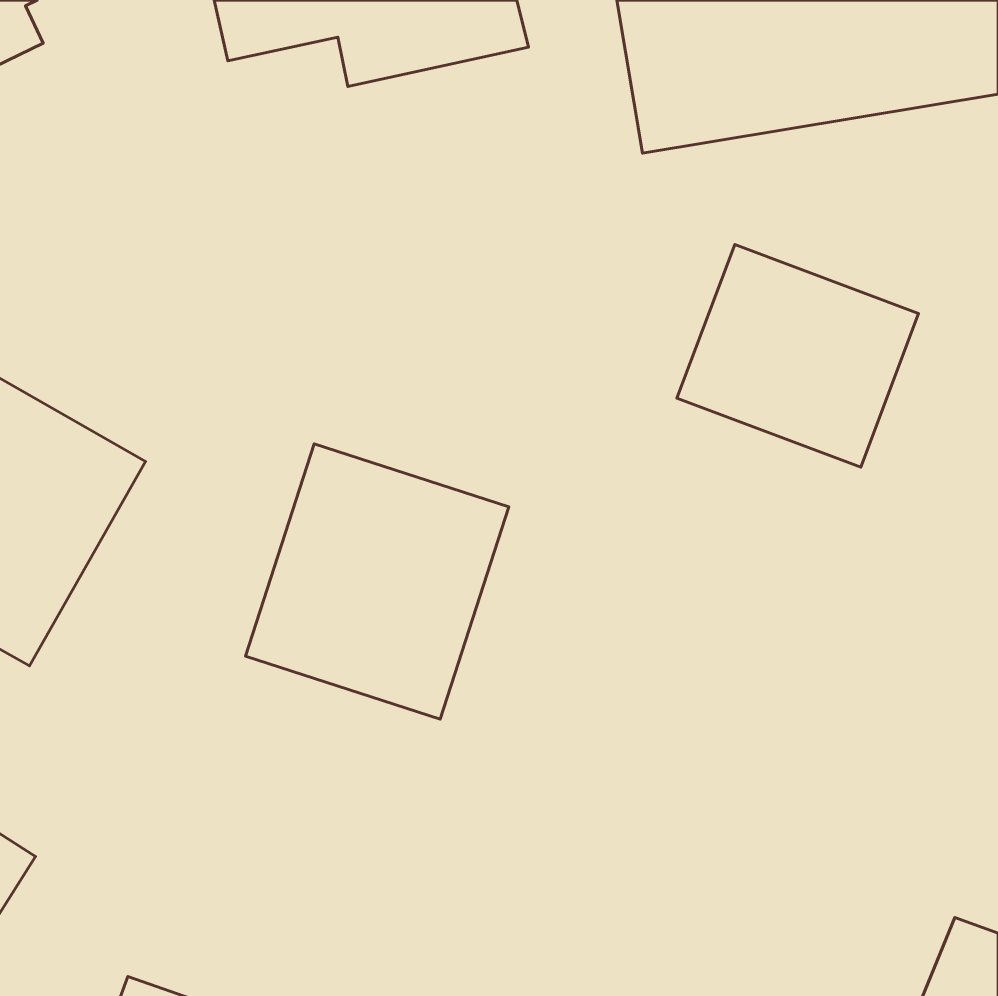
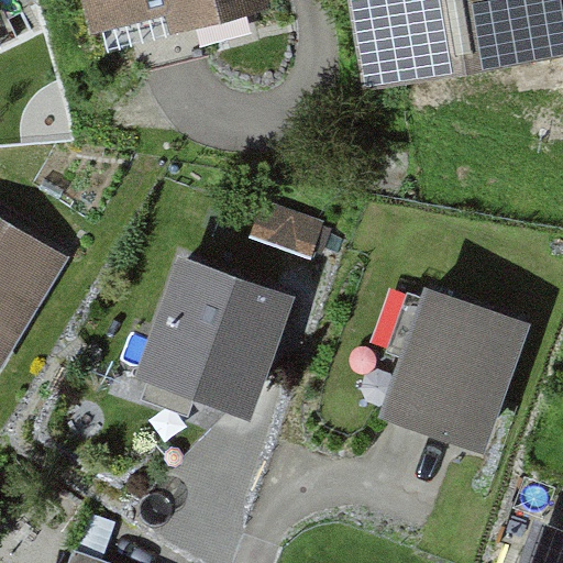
building: [677,245,919,467] -> none
building: none -> [378,284,520,440]

